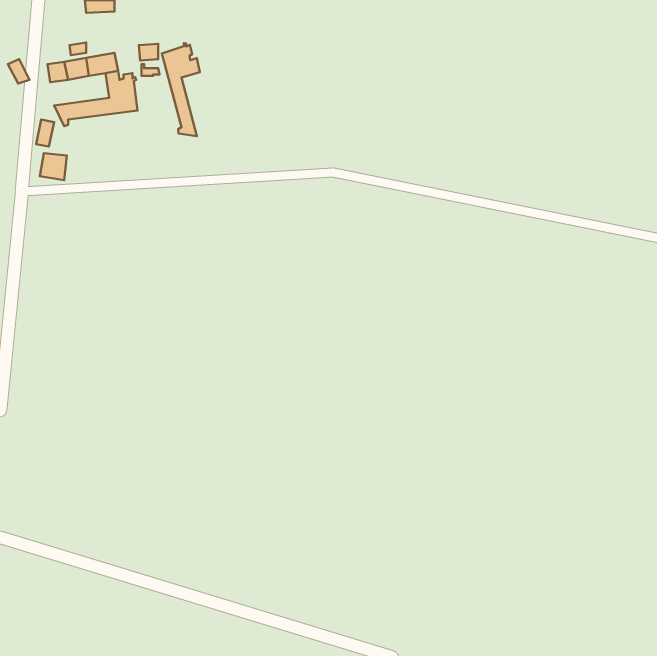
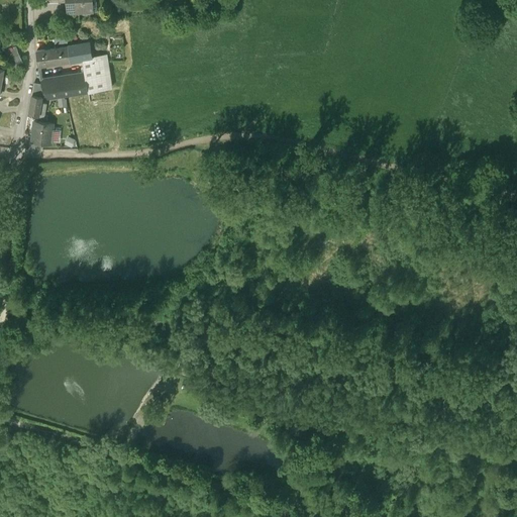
building: [162,43,200,136] -> none

